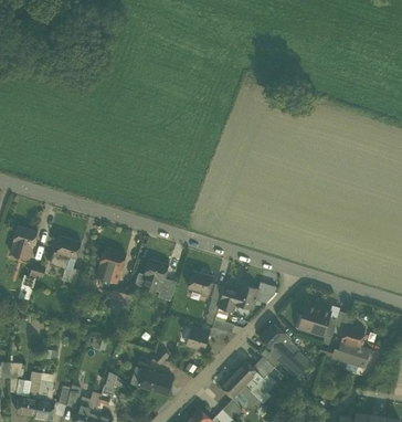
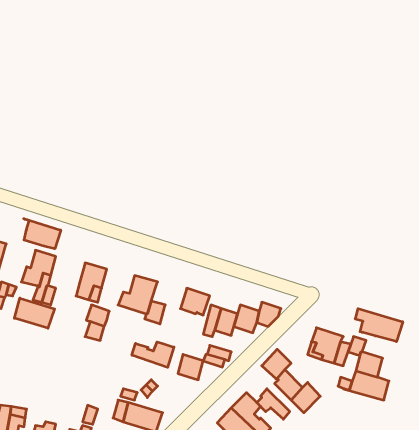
building: none -> [24,219,61,249]
building: none -> [14,298,55,328]
building: none -> [355,309,403,342]
building: none -> [132,342,174,367]

